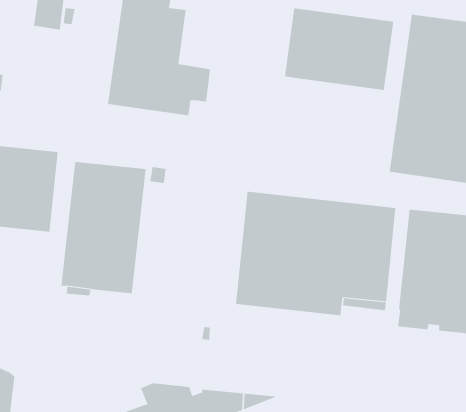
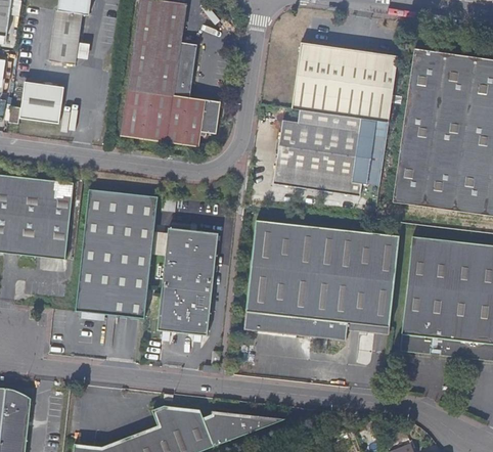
building: none -> [23,81,64,124]
building: none -> [274,109,389,195]
building: none -> [158,227,219,334]

